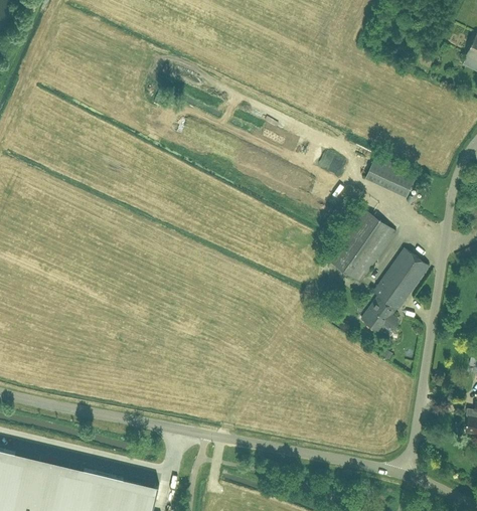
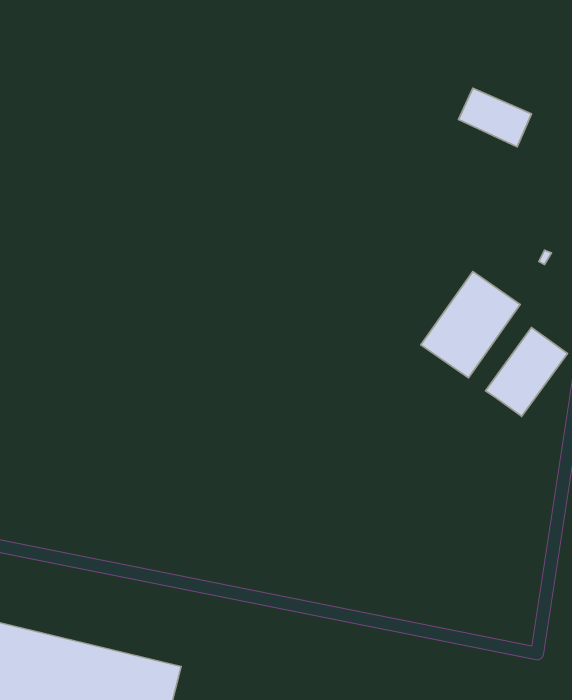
building: [364,158,416,199] -> [458,88,532,147]
building: [360,298,398,334] -> none

